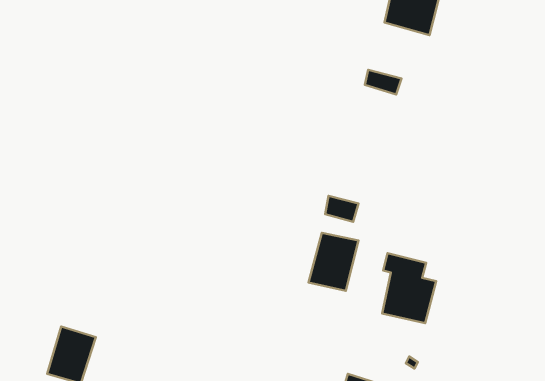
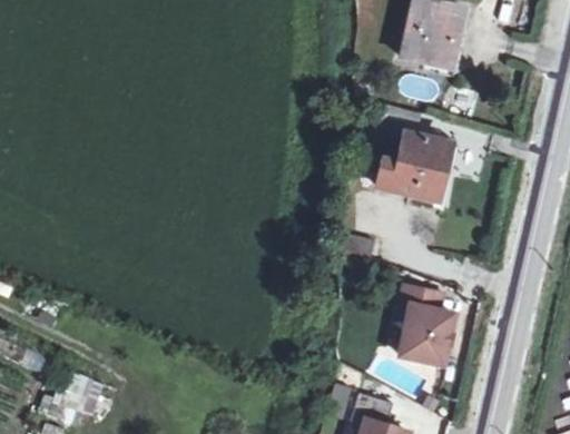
building: none -> [379,130,450,200]
building: [309,233,358,291] -> none

